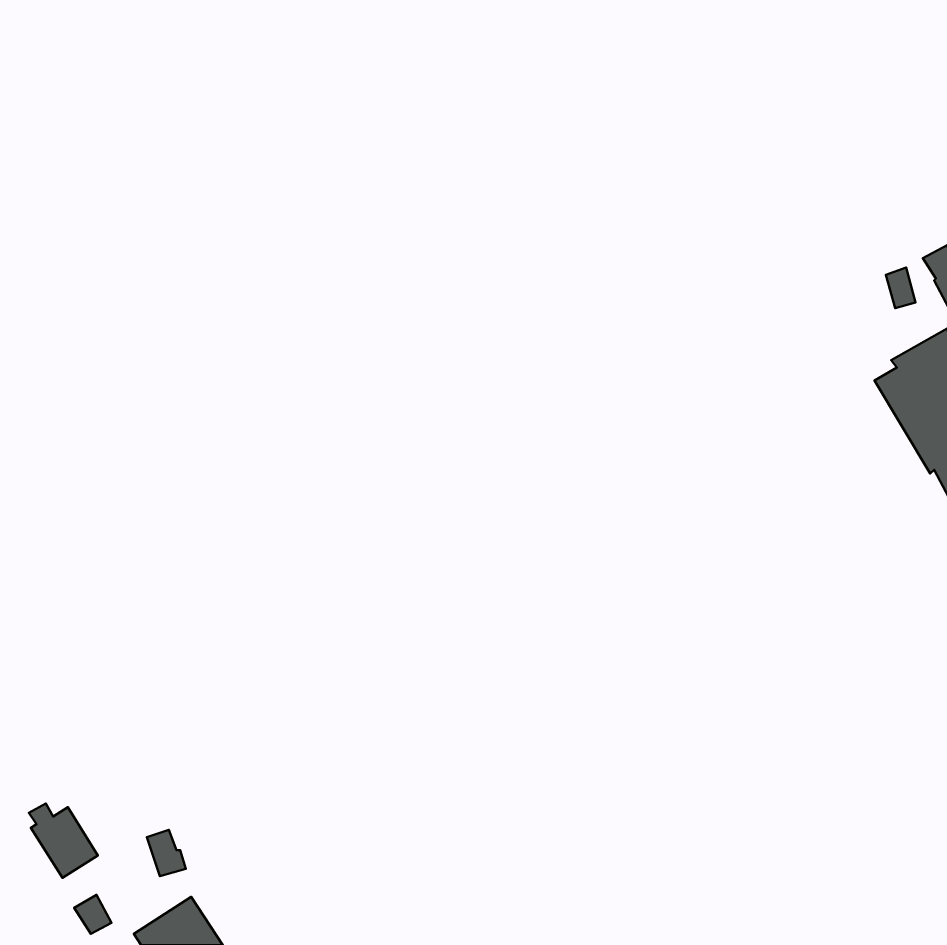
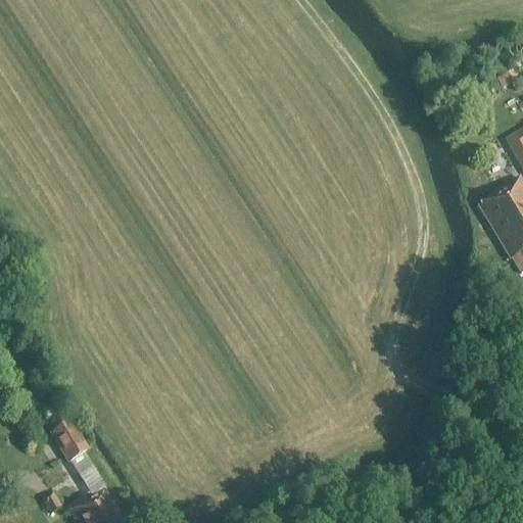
building: [29,804,98,878] -> [51,423,89,464]

